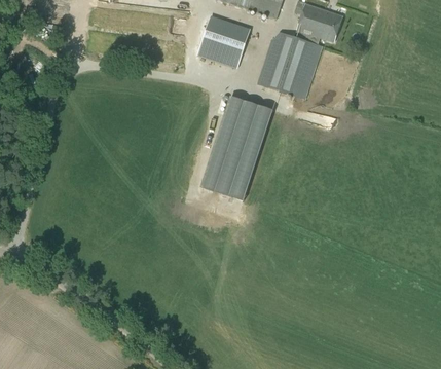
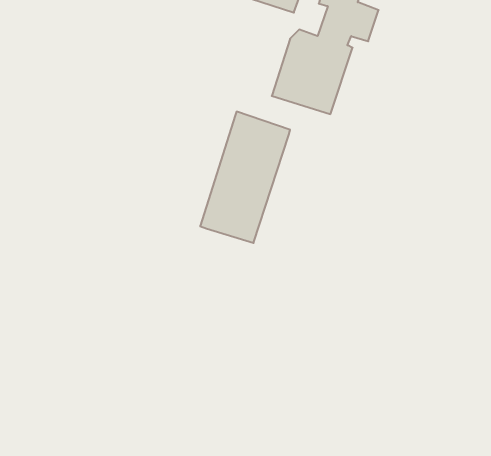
building: [197,14,250,68] -> none

